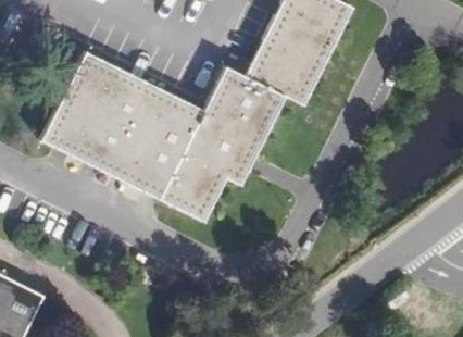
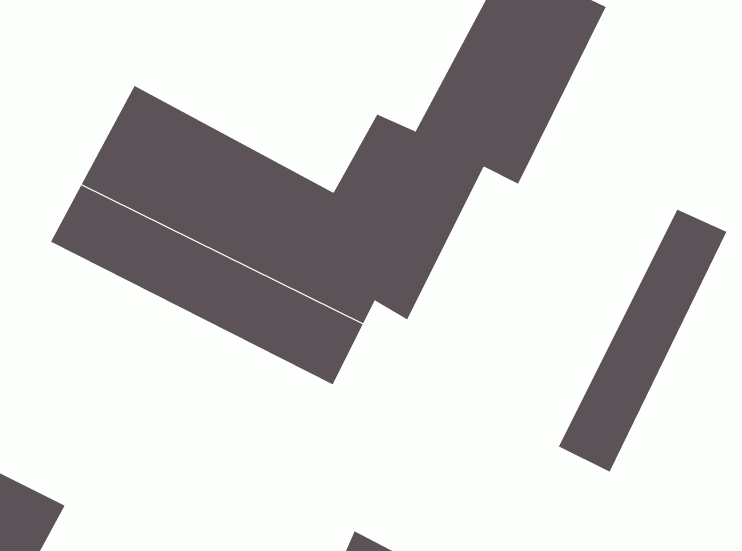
building: none -> [558,209,727,472]

